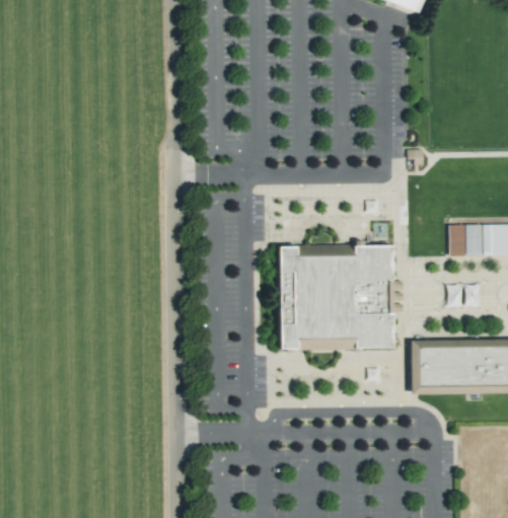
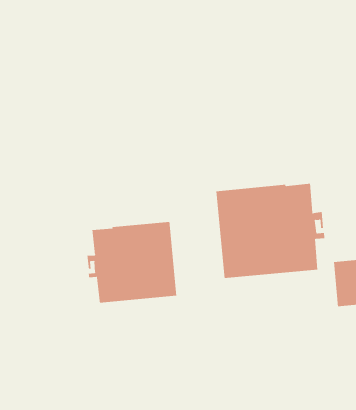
building: none -> [87,221,177,303]

